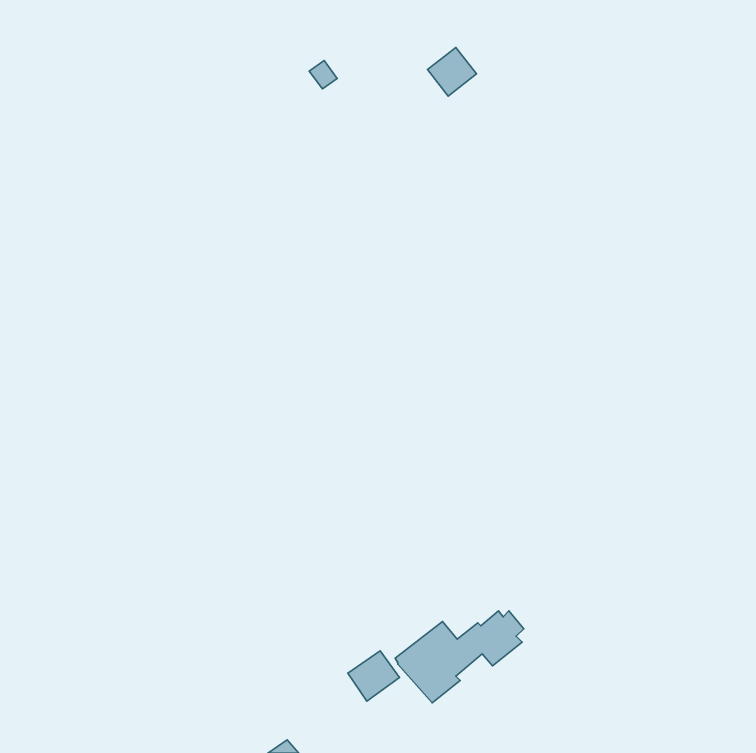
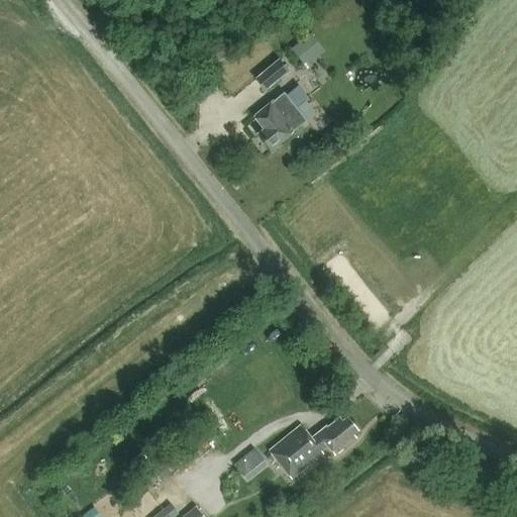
building: none -> [255,59,290,91]
building: none -> [253,91,306,149]

